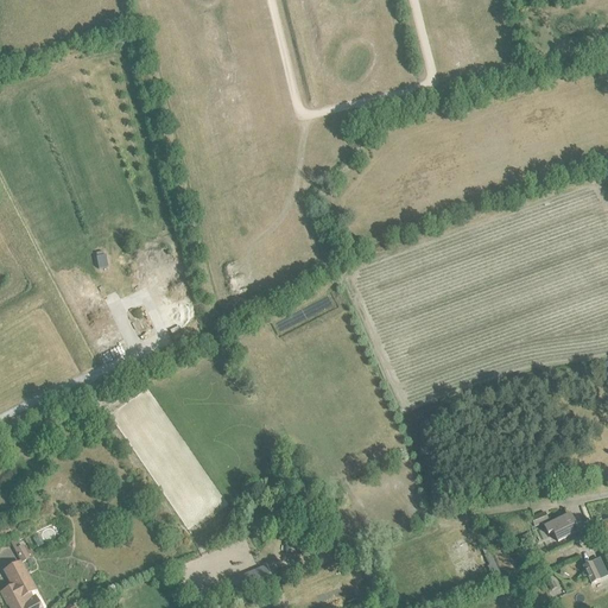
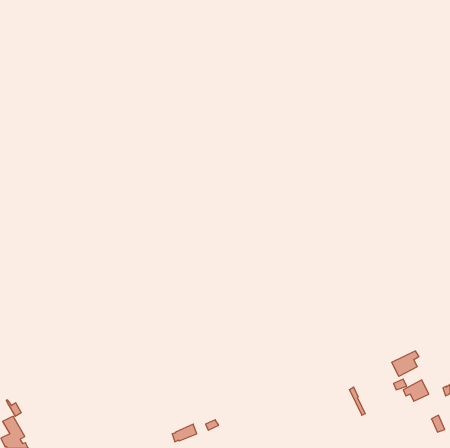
building: none -> [392,351,419,376]

